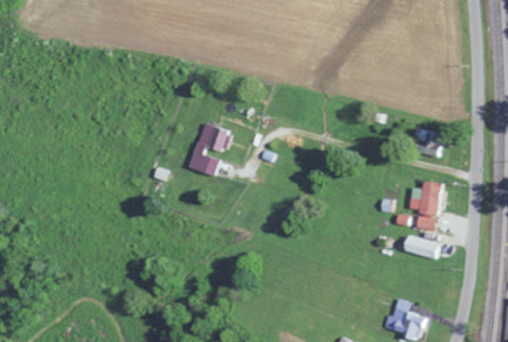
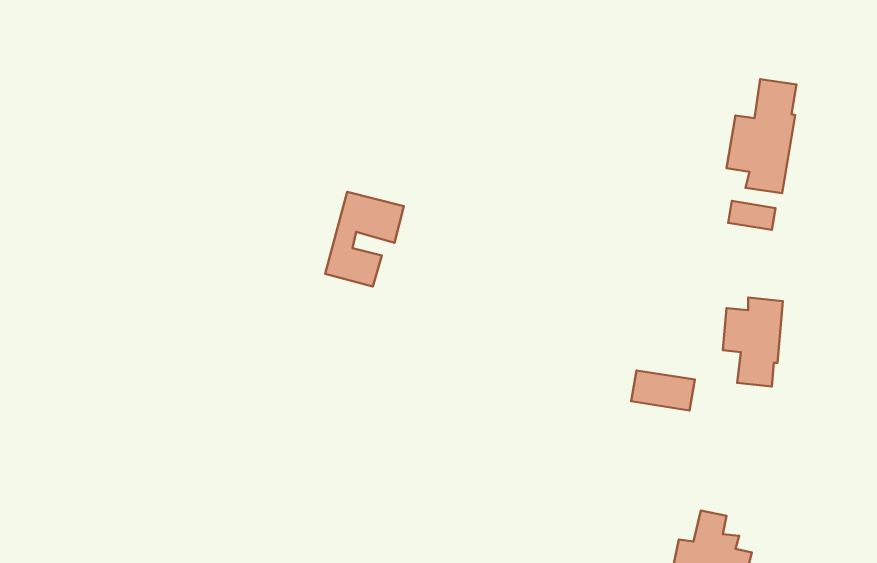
building: none -> [727,79,797,193]
building: [406,237,441,259] -> [631,370,695,410]

